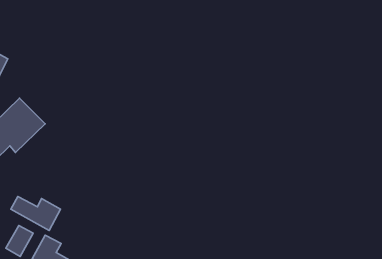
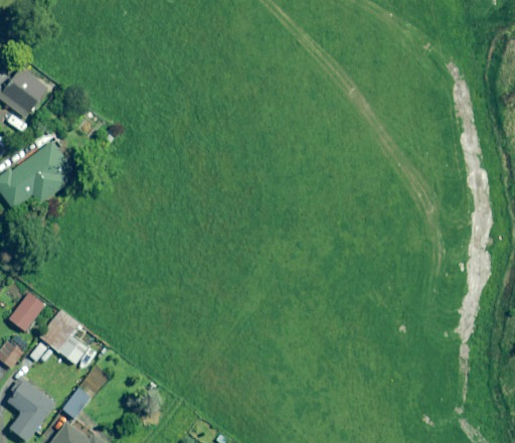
building: [11,196,60,230] -> none

